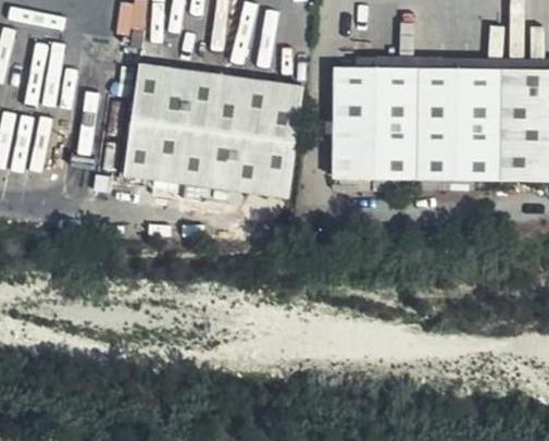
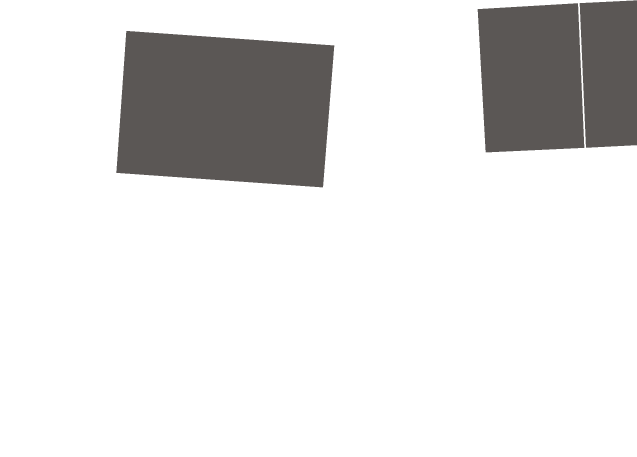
building: [332,64,420,181] -> none

